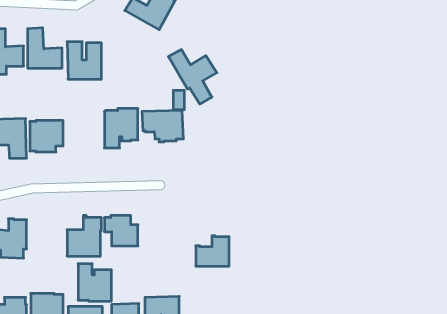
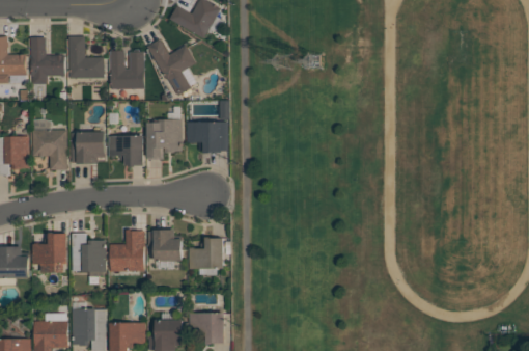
building: [168,50,217,104] -> [146,39,196,96]
building: none -> [108,136,144,167]
building: [196,236,229,266] -> [189,238,223,269]
building: [78,264,111,301] -> [72,234,106,272]

